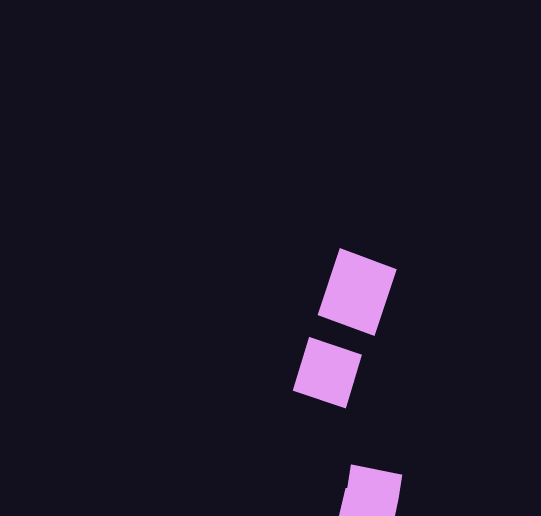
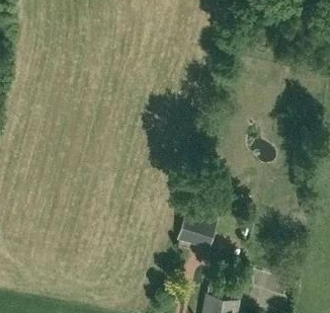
building: [317,247,397,337] -> none

